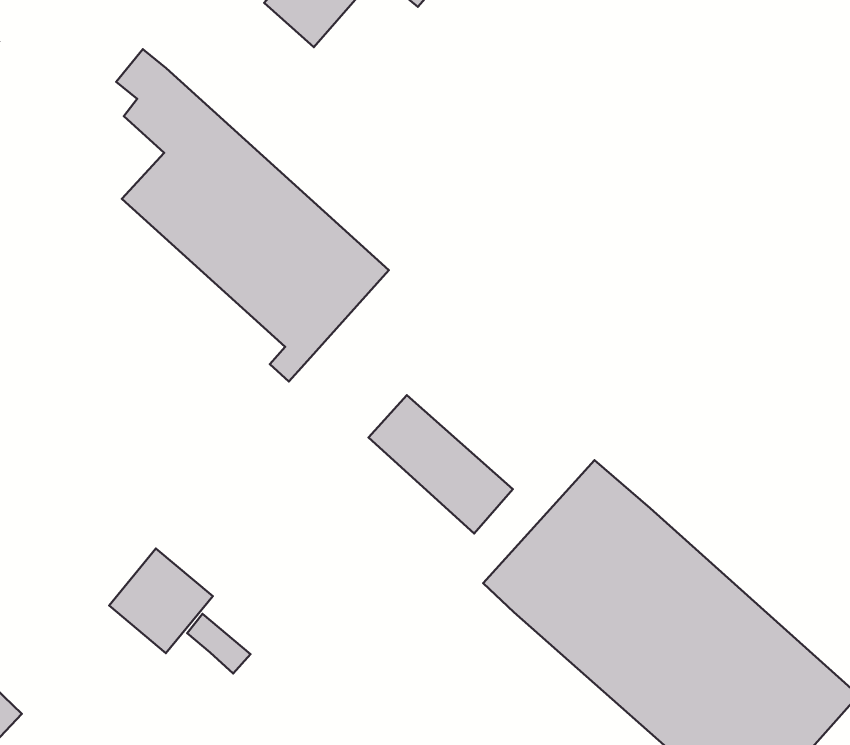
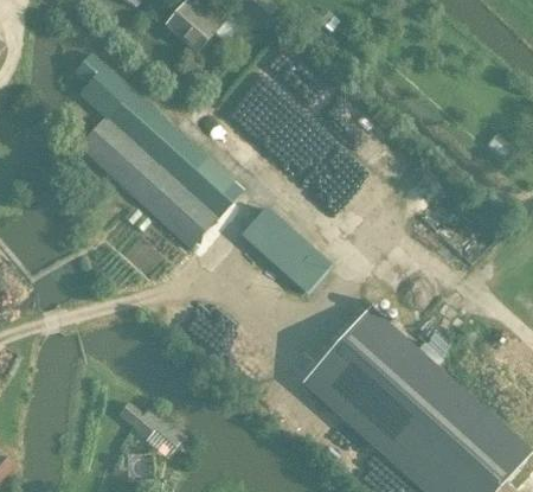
building: [369,395,513,533] -> [242,206,330,292]
building: [109,549,213,653] -> none

